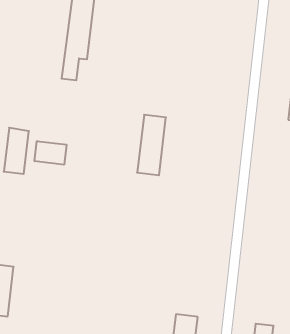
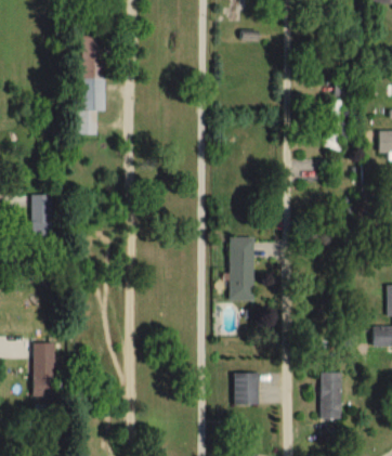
building: [137,115,166,175] -> [230,237,253,300]
building: [35,141,66,165] -> none

